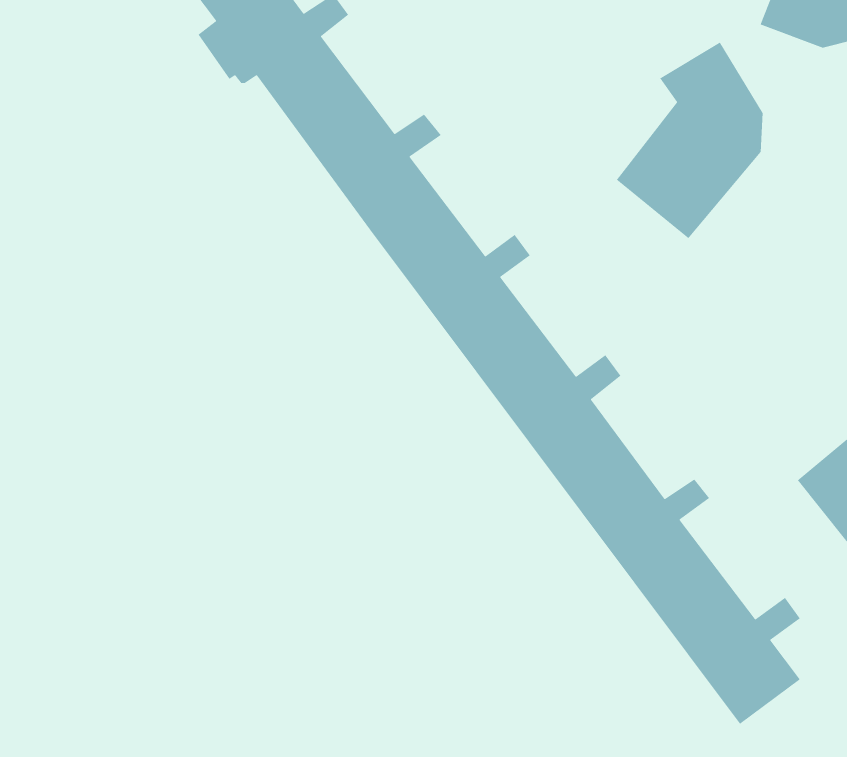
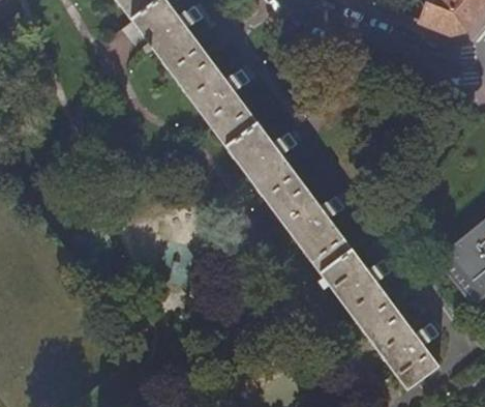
building: [616,42,763,239] -> none

